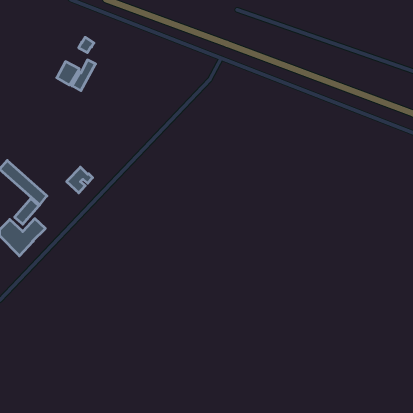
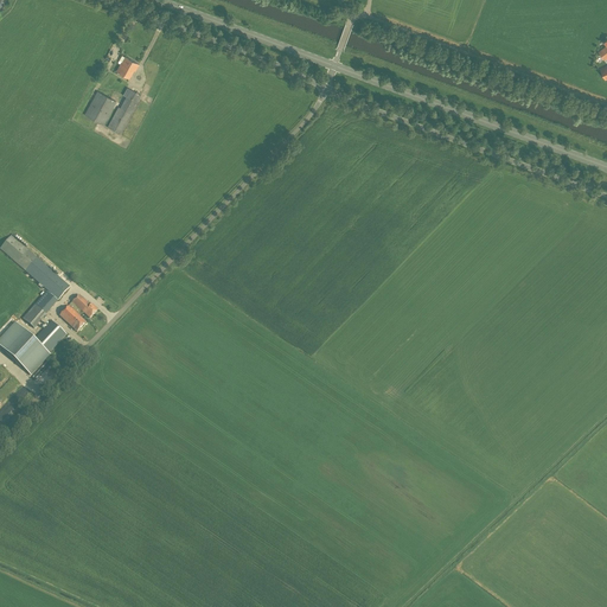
building: [67,167,93,193] -> [58,294,96,332]

